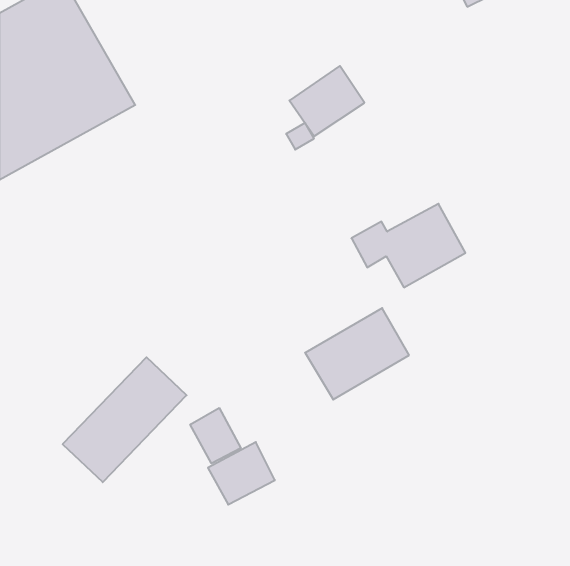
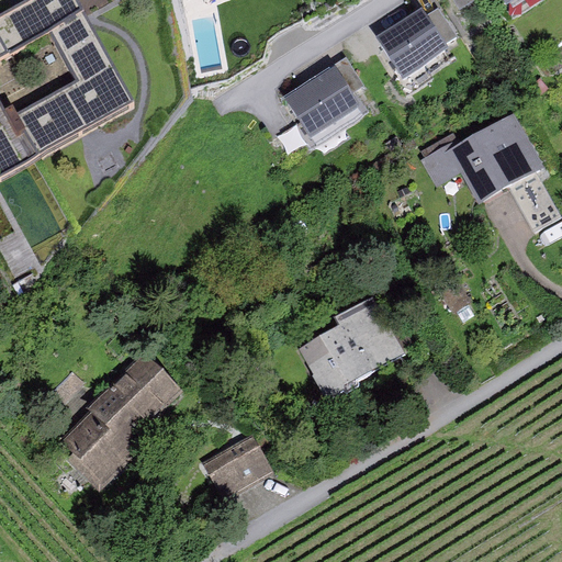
building: none -> [381,5,453,80]
building: [351,204,465,287] -> [428,116,540,199]
building: [190,408,241,463] -> none

